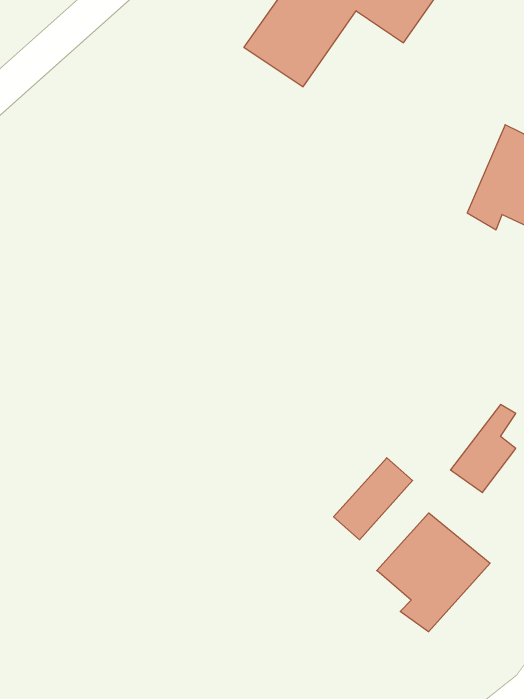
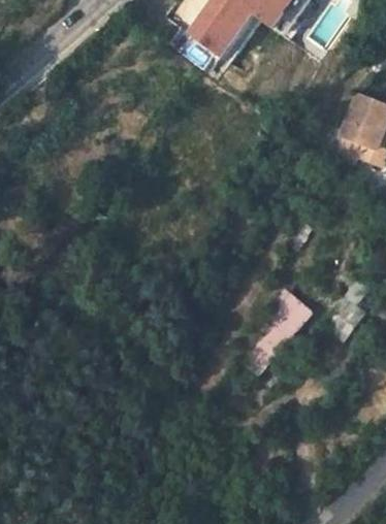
building: none -> [266,285,314,331]
building: [377,513,490,632] -> none

